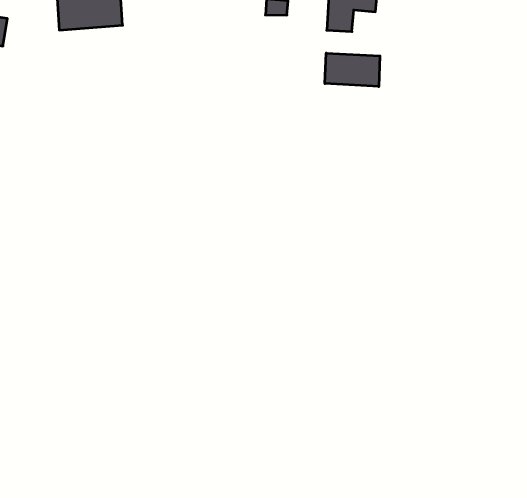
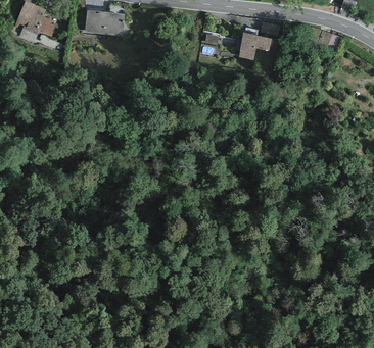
building: [325,53,380,87] -> none

